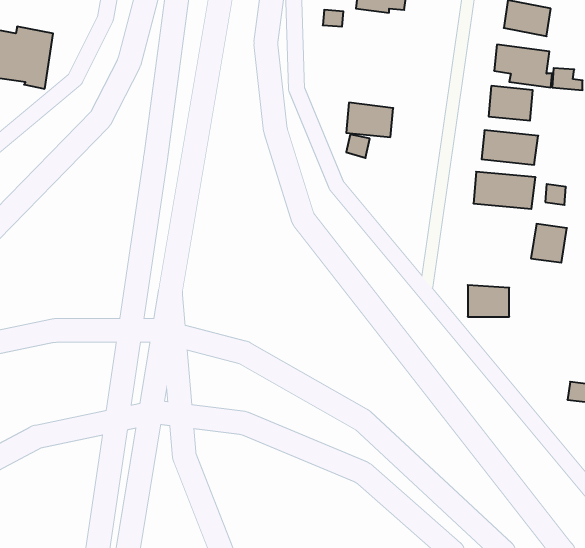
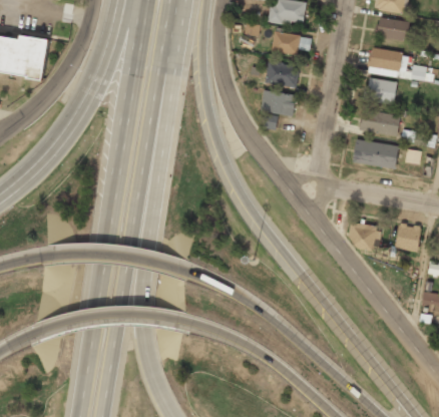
building: none -> [272,32,311,54]
building: none -> [266,62,298,86]
building: [531,224,567,263] -> [395,224,421,252]

